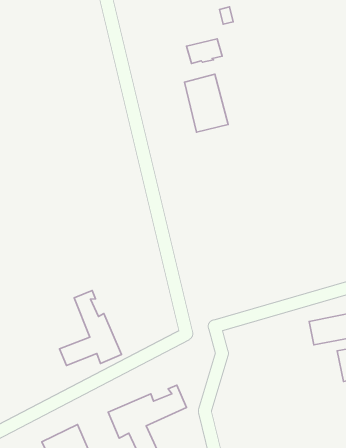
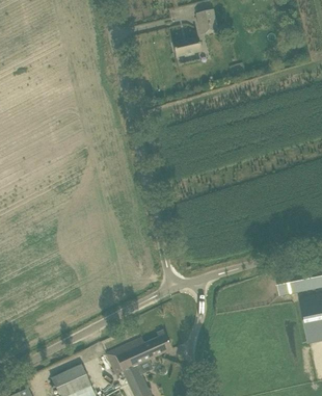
building: [185,74,228,132] -> none
building: [59,290,121,365] -> none

